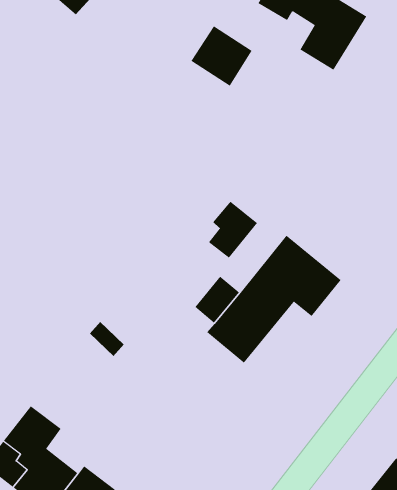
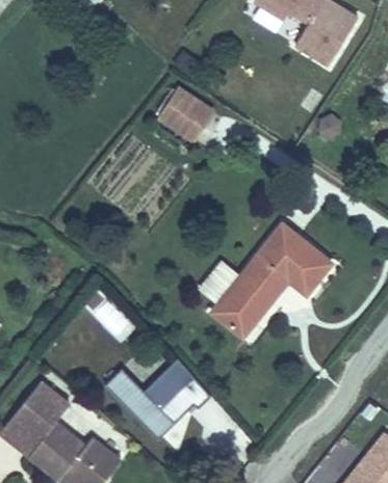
building: [190,25,252,86] -> [156,87,214,144]
building: [208,201,258,258] -> none
building: none -> [104,360,212,440]

